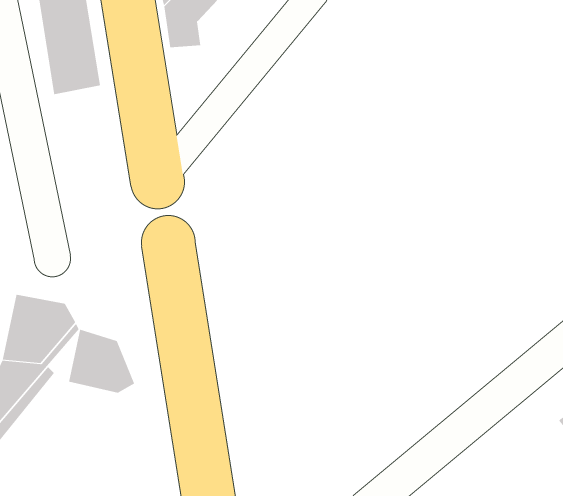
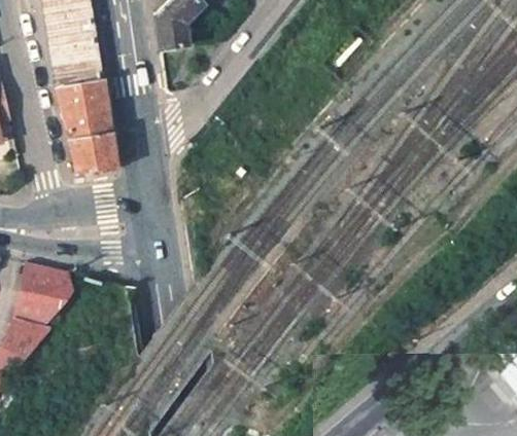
building: none -> [58,77,114,173]
building: [68,329,135,394] -> none

